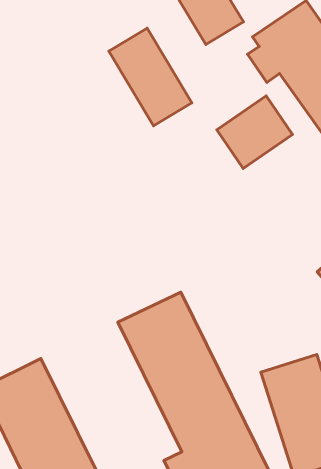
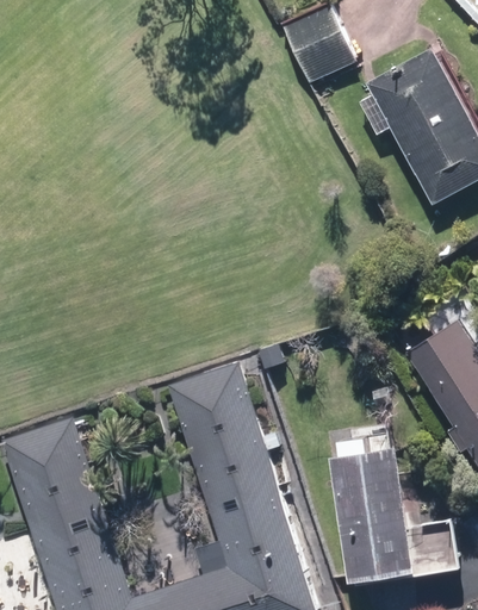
building: [109,28,192,126] -> none
building: [217,96,293,169] -> none

